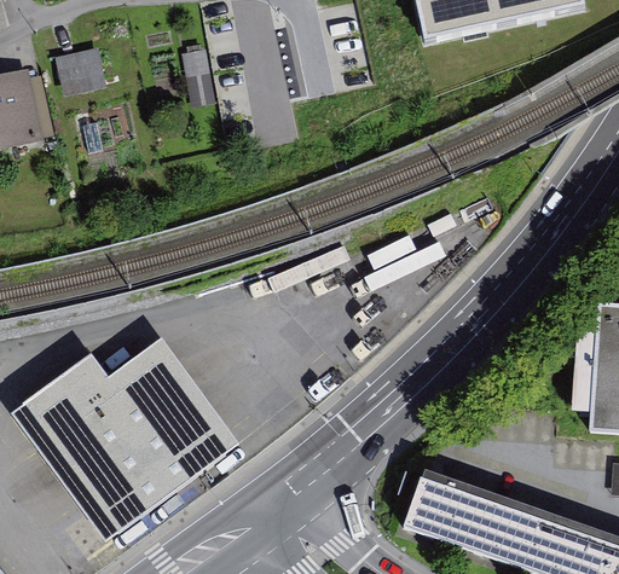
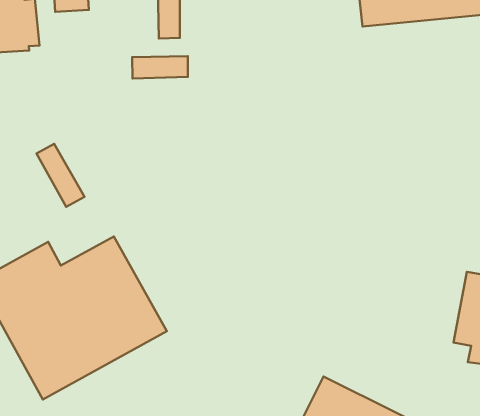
building: none -> [132,56,188,79]
building: none -> [37,144,85,207]

